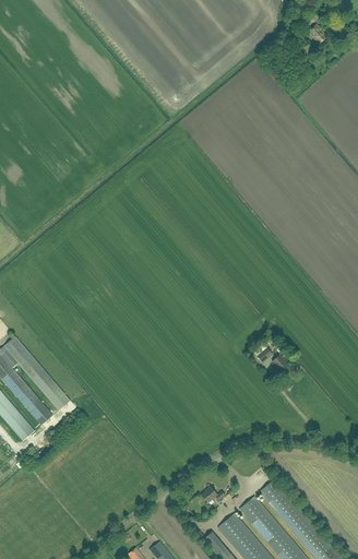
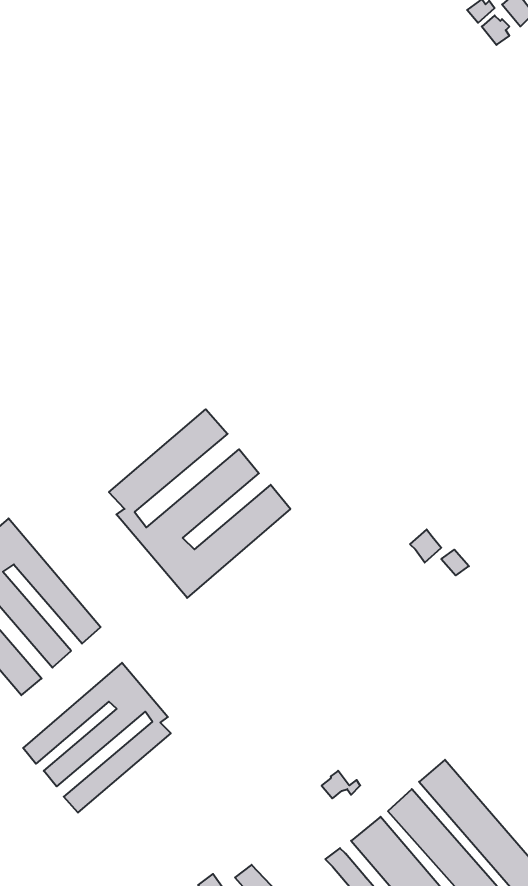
building: none -> [109,409,290,598]
building: none -> [23,663,171,813]

